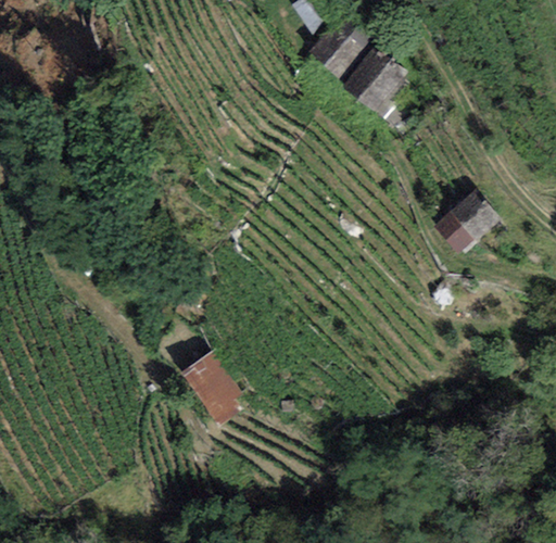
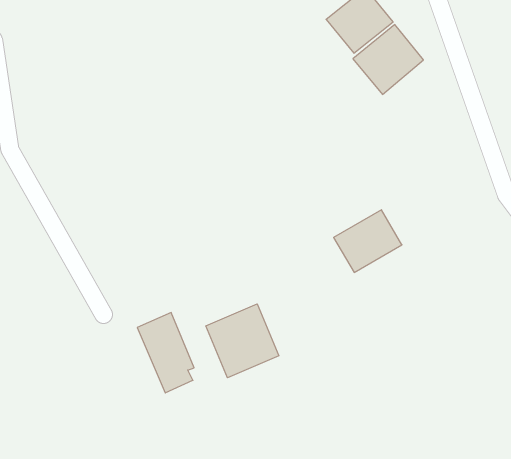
building: [433,191,498,254] -> [334,210,402,272]
building: none -> [206,304,279,378]

